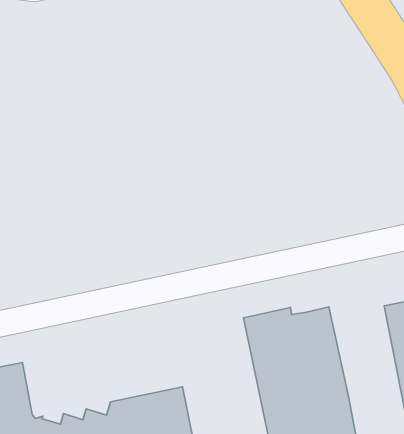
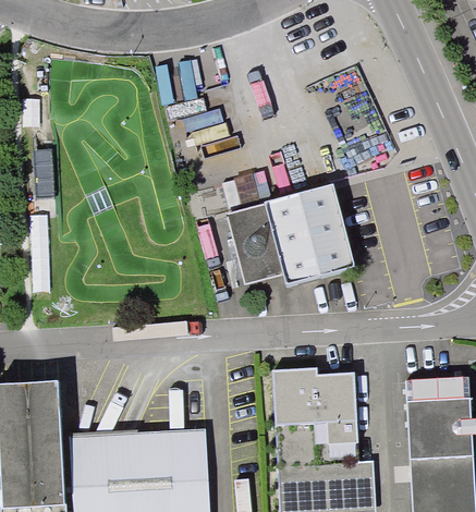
building: none -> [229,185,355,284]

